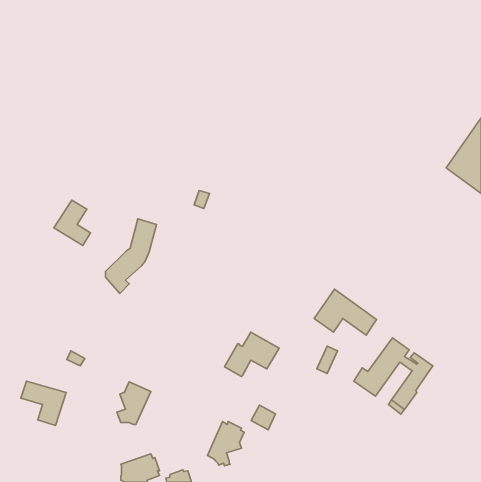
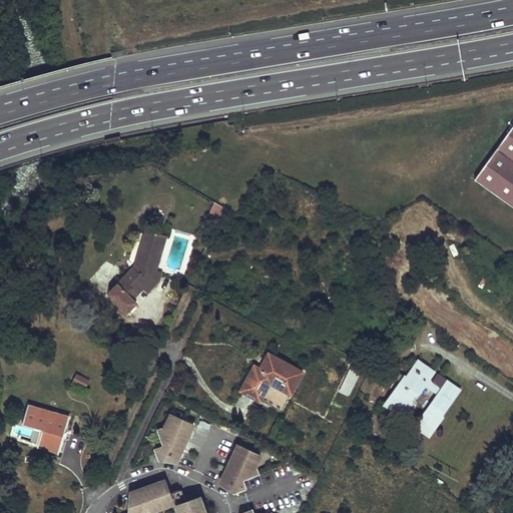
building: [54,200,91,246] -> none
building: [314,289,377,335] -> none
building: [117,382,151,424] -> [157,418,193,463]
building: [251,405,276,430] -> [258,383,284,409]

